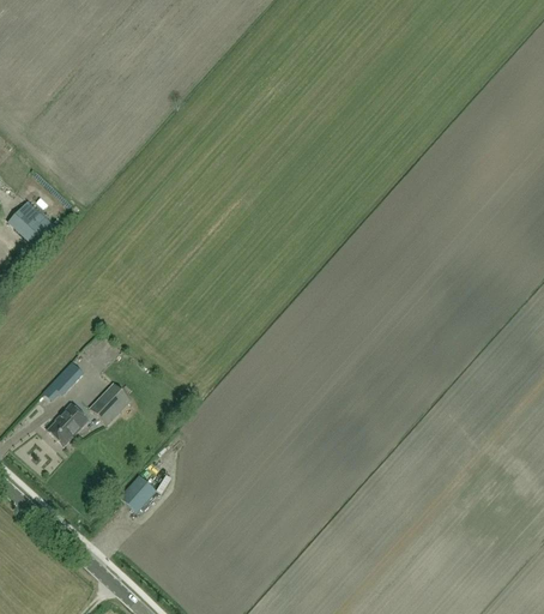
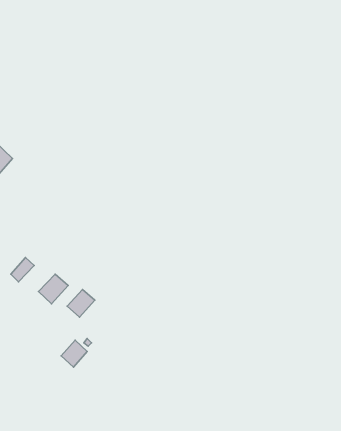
building: [47,403,87,445] -> none
building: none -> [67,289,95,317]

